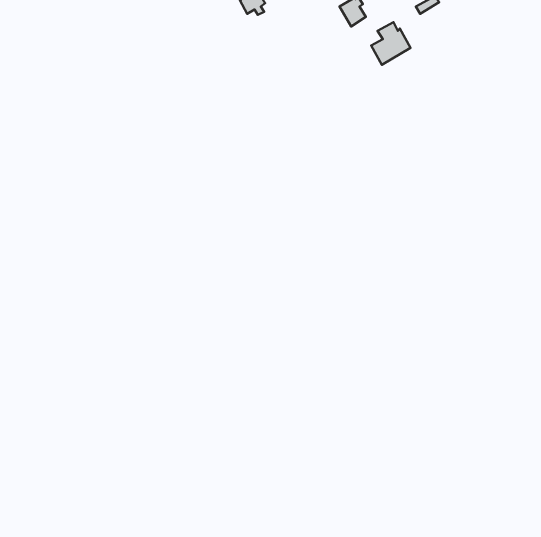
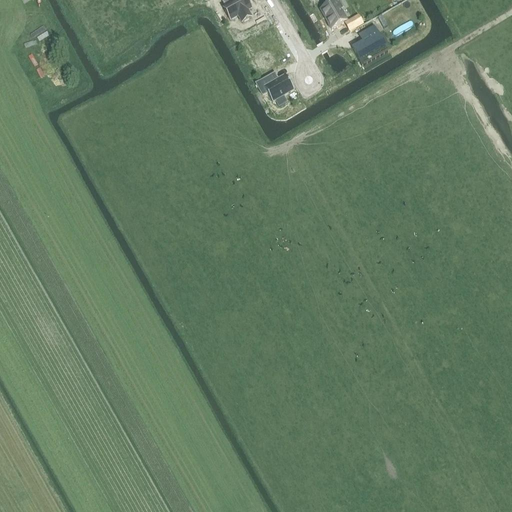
building: none -> [256,73,294,102]

